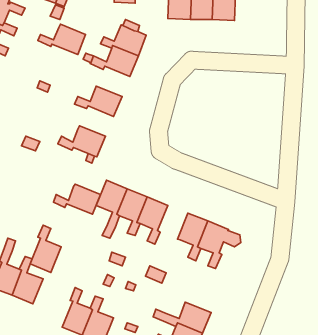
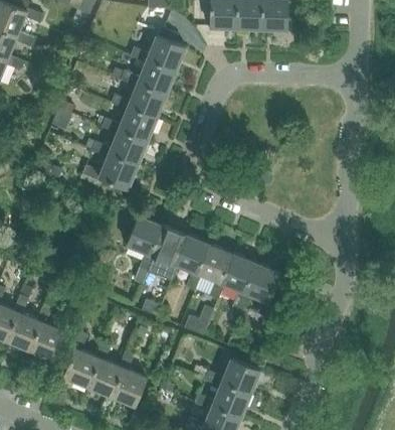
building: [38,24,86,54] -> [110,84,165,119]
building: [54,184,100,214] -> [91,130,146,165]
building: none -> [197,246,232,300]
building: [30,225,61,273] -> [62,332,98,388]

